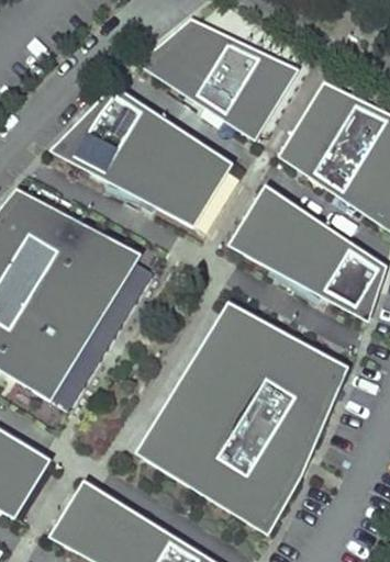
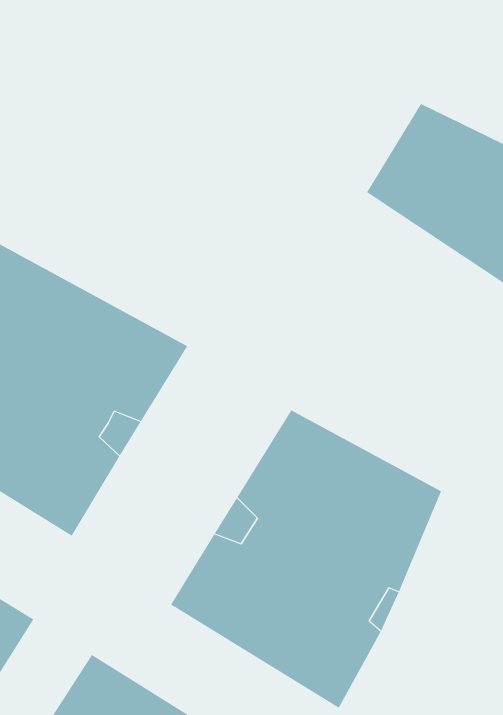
building: [148,24,291,133] -> none
building: [60,93,226,222] -> none
building: [236,195,381,315] -> none

